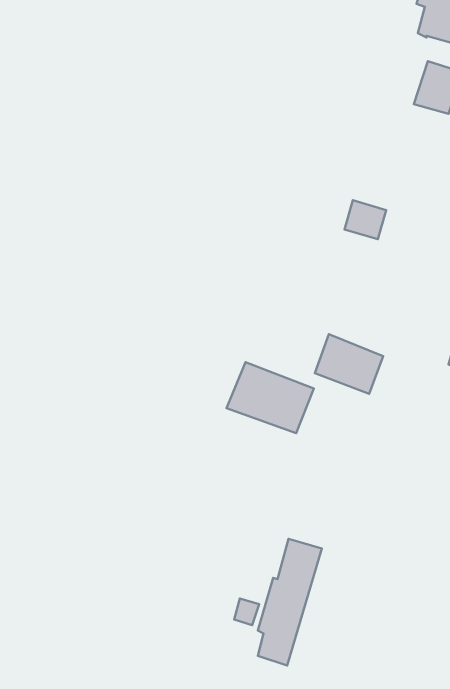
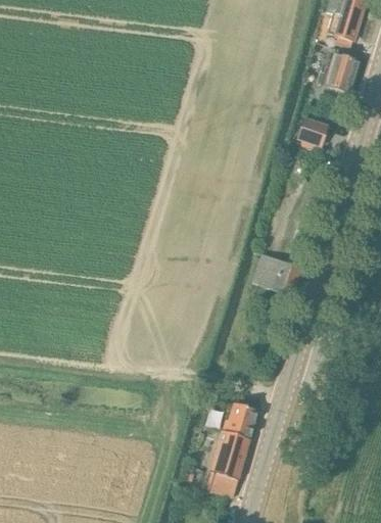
building: [344,200,386,239] -> [297,117,328,146]
building: [226,362,314,433] -> none

